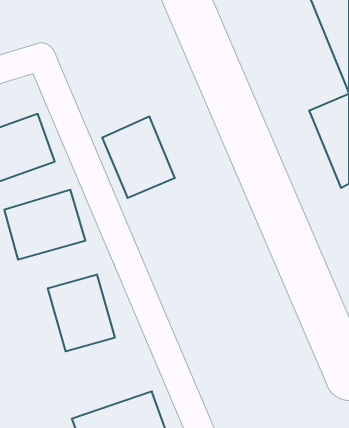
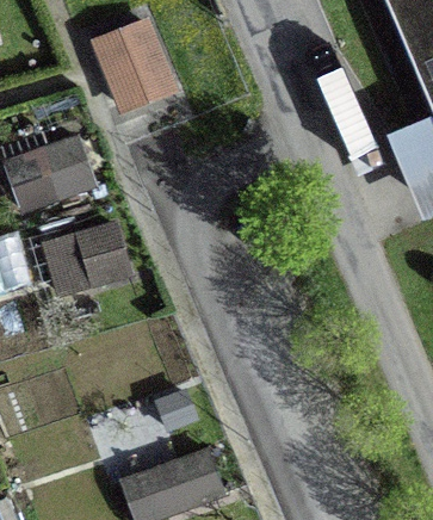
building: [102,117,175,198] -> [94,20,177,112]
building: [48,274,115,351] -> none

